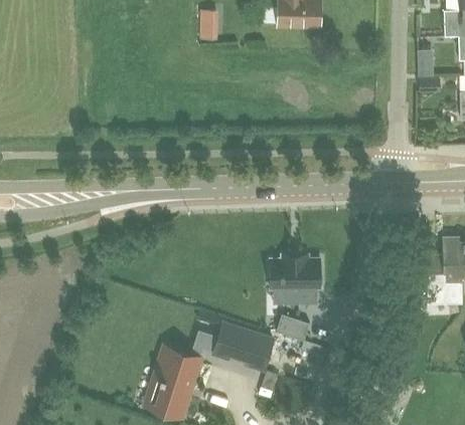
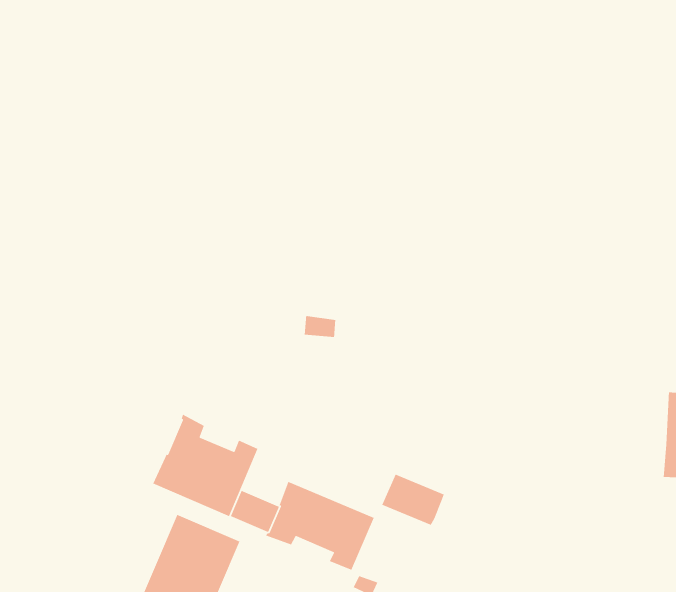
building: [270,259,321,303] -> none
building: none -> [152,414,259,517]

